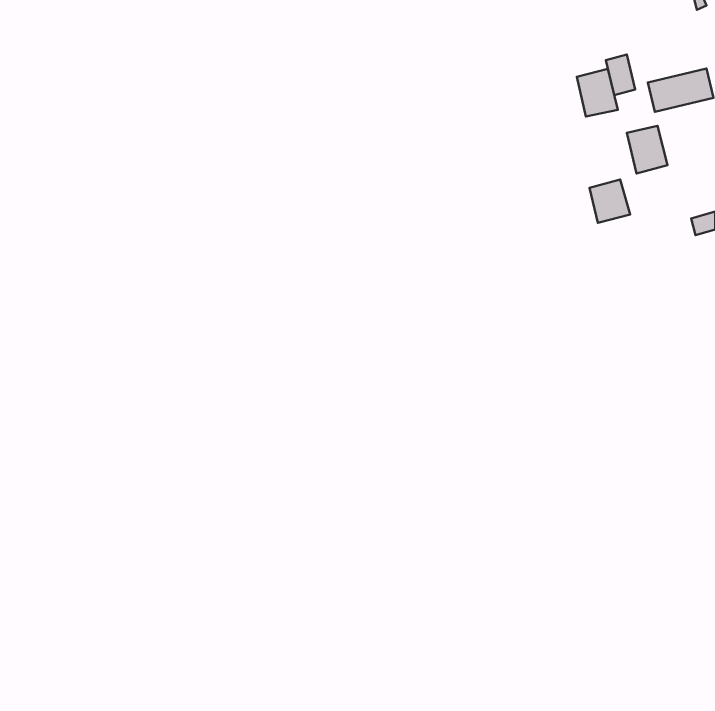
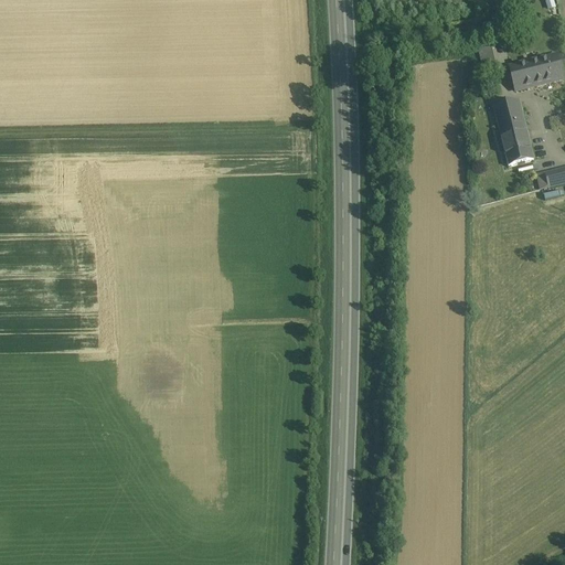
building: [577,69,618,116] -> none
building: [589,179,630,223] -> [502,130,534,164]

